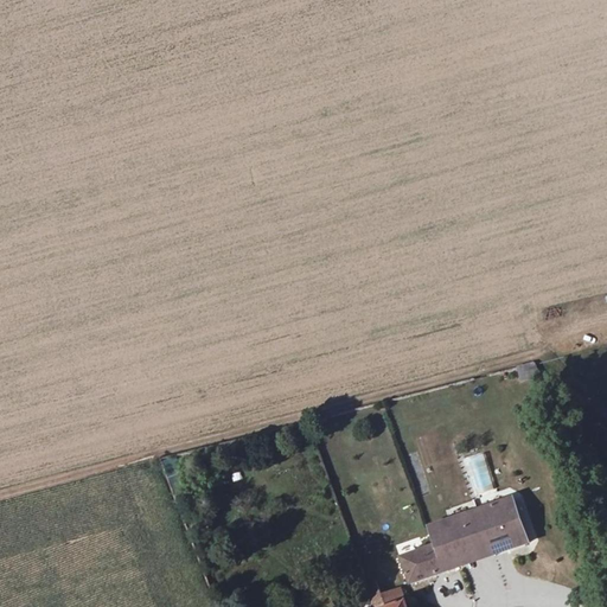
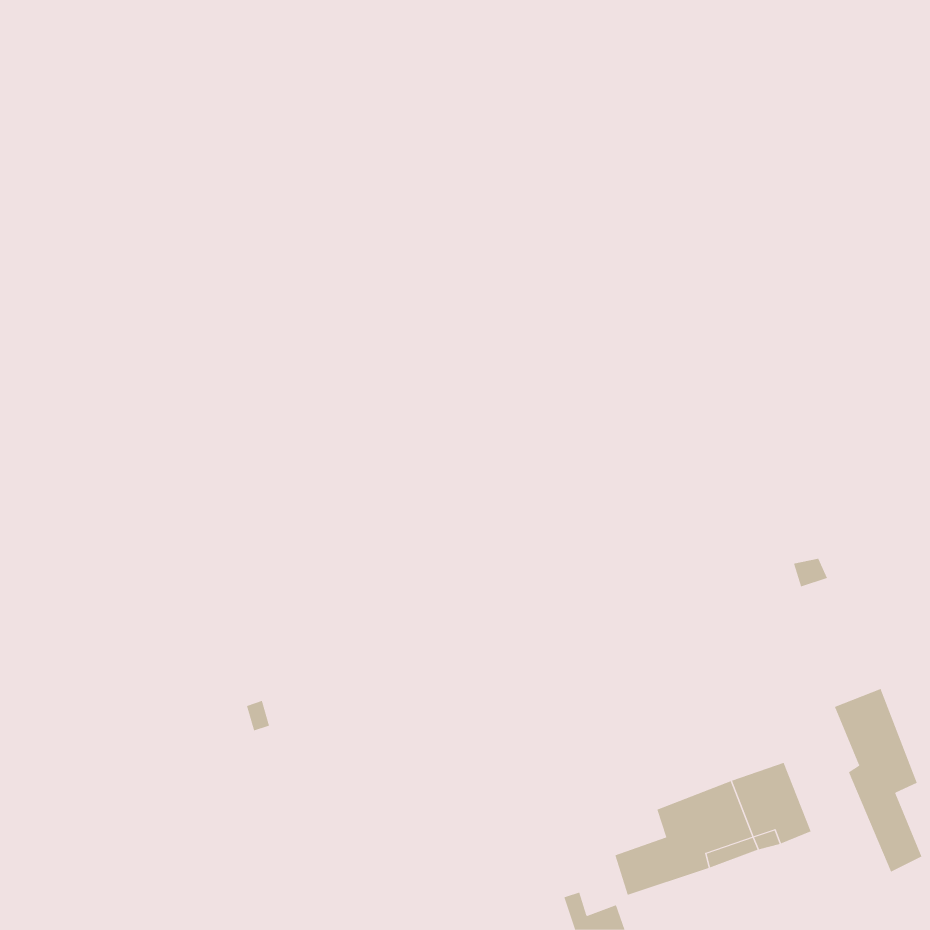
building: none -> [834,688,922,873]

